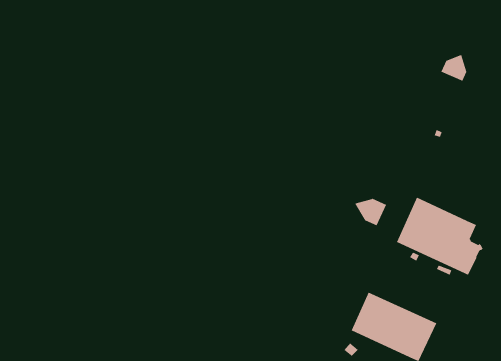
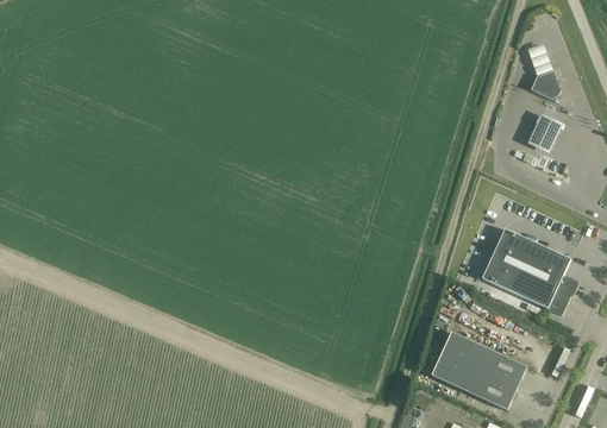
building: none -> [526,114,561,152]
building: [355,198,387,226] -> none

